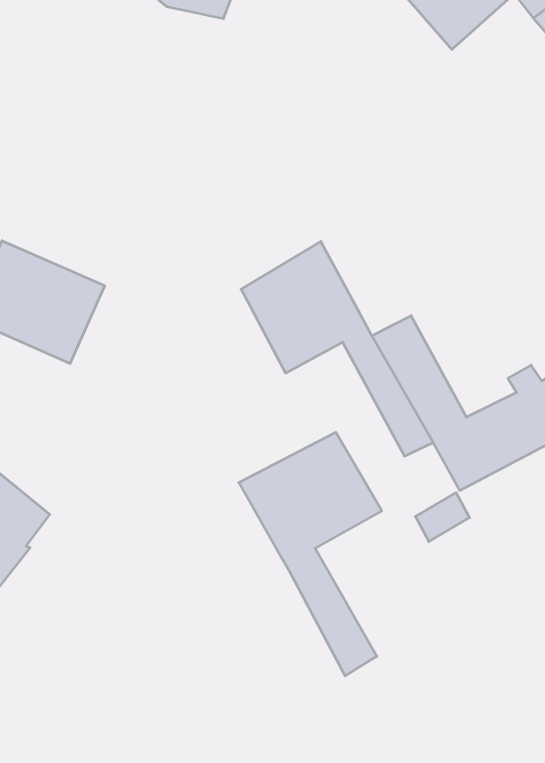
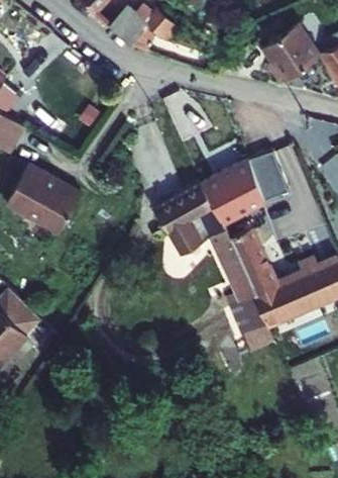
building: none -> [203,152,280,220]
building: [239,432,382,676] -> none
building: none -> [229,295,266,334]

